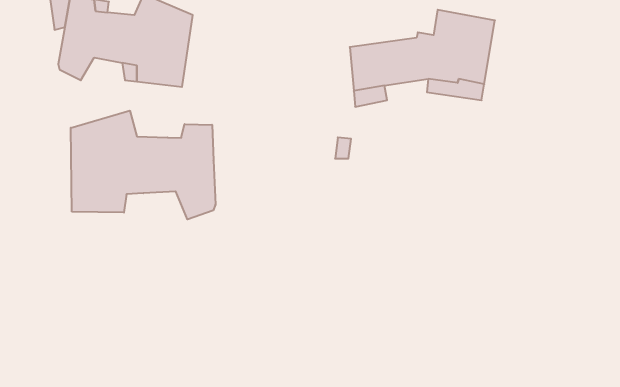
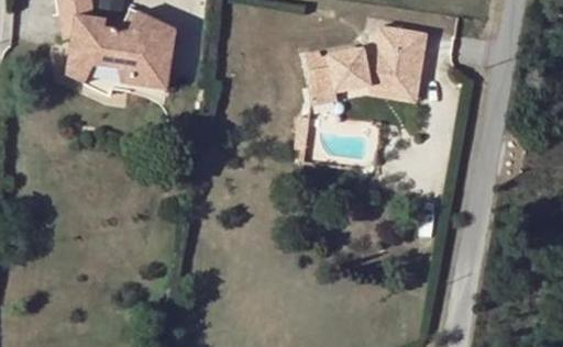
building: [71,111,215,219] -> none

